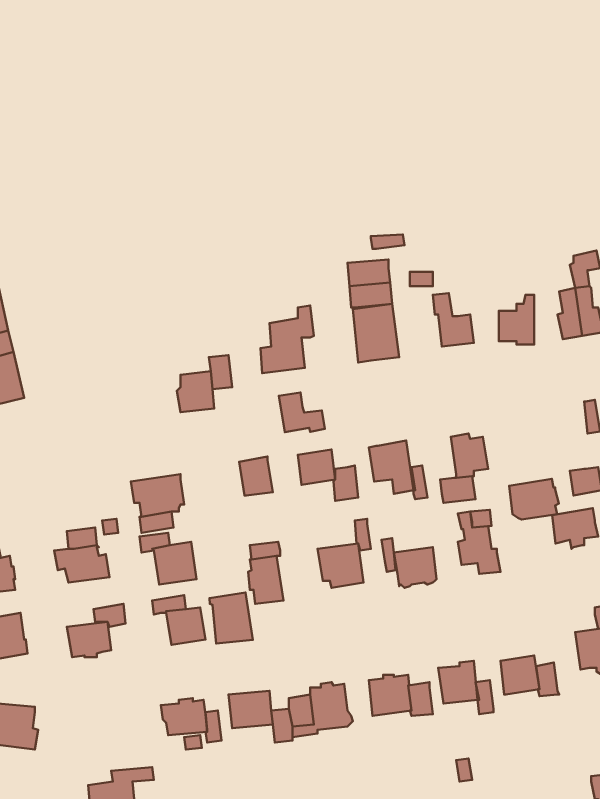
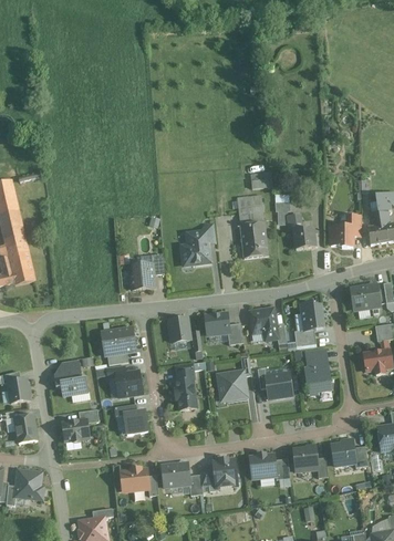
building: [279,393,325,432] -> none
building: [509,479,559,520] -> [350,283,381,309]
building: [210,593,253,644] -> none

